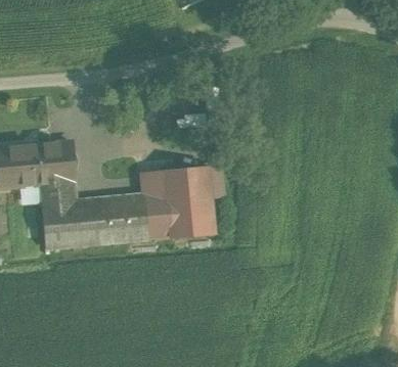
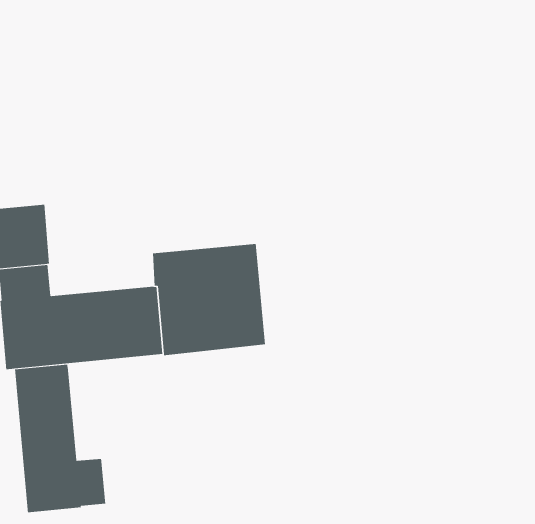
building: none -> [15,364,106,513]

